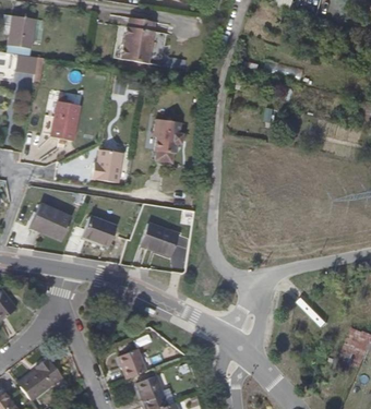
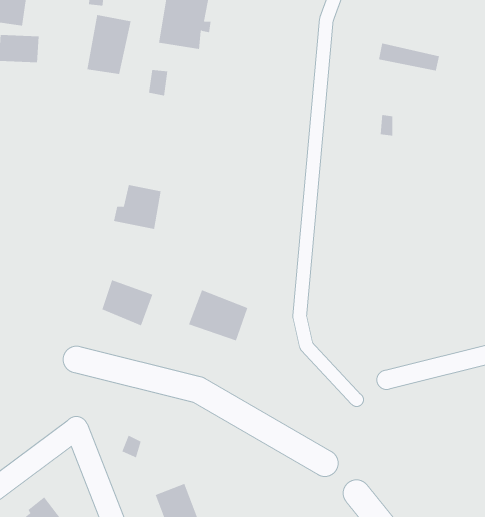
building: [51,100,81,140] -> [87,15,132,75]
building: [160,121,190,164] -> none
building: [29,203,72,240] -> none

